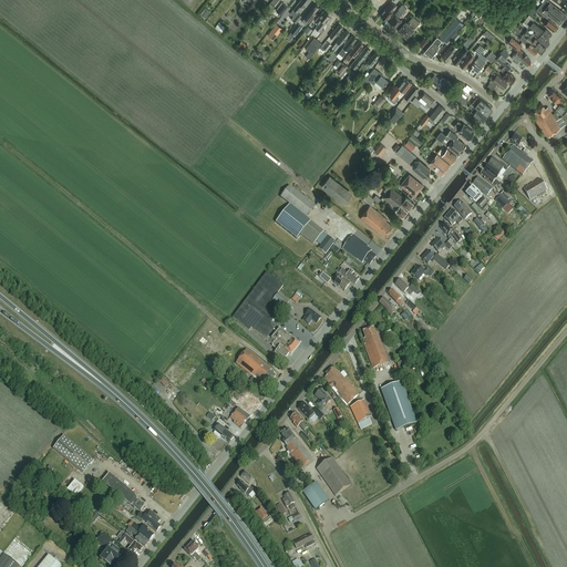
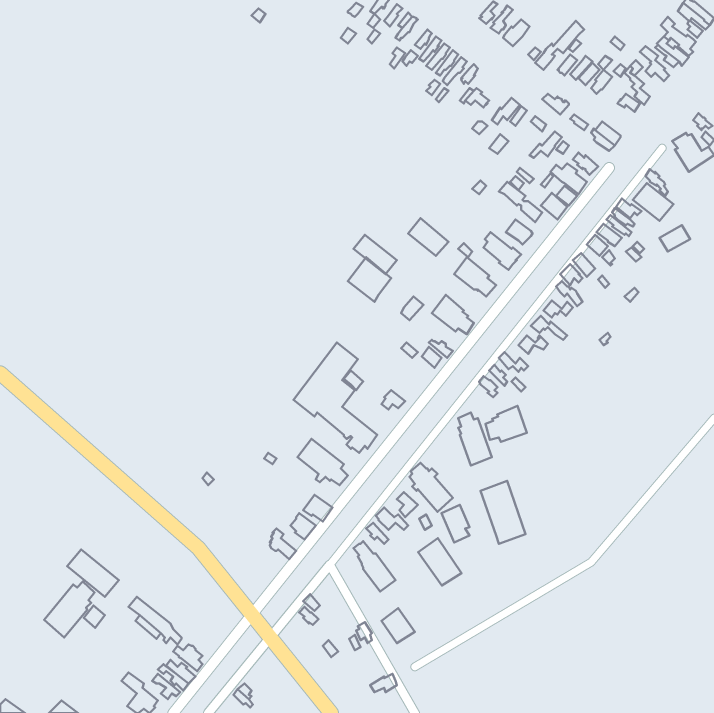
building: none -> [485,406,527,442]
building: [317,457,351,495] -> [418,538,462,586]
building: none -> [44,581,95,638]

